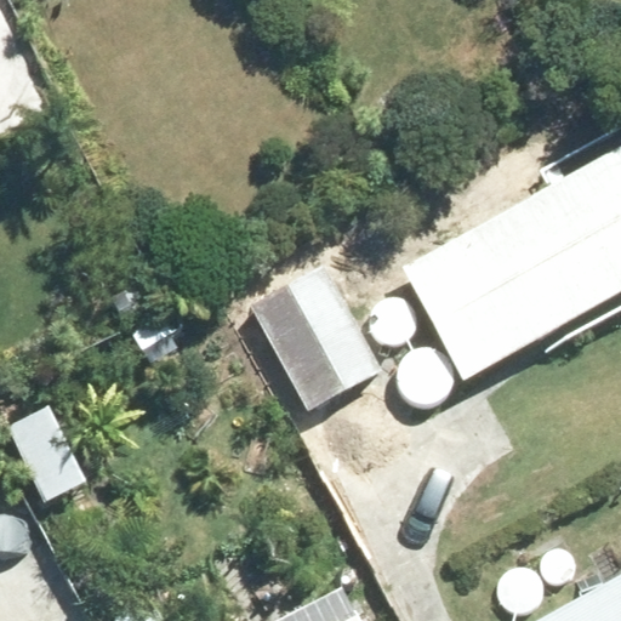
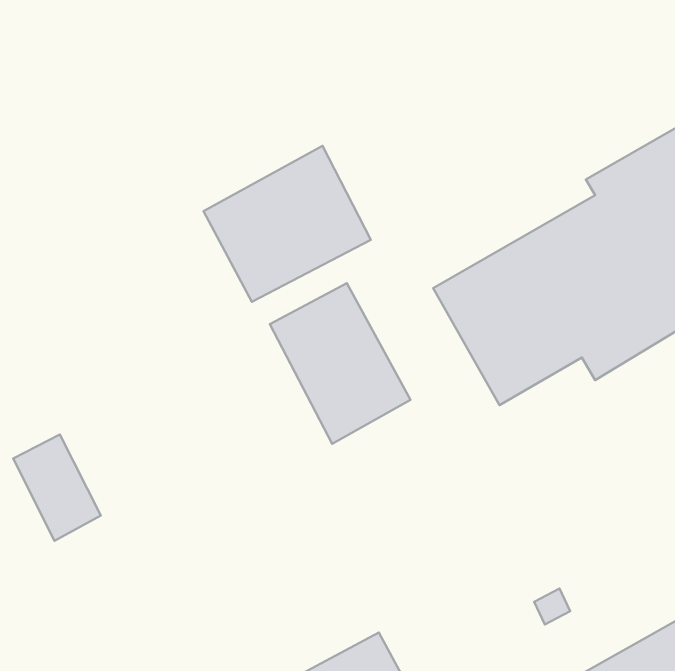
building: none -> [203,146,371,302]

